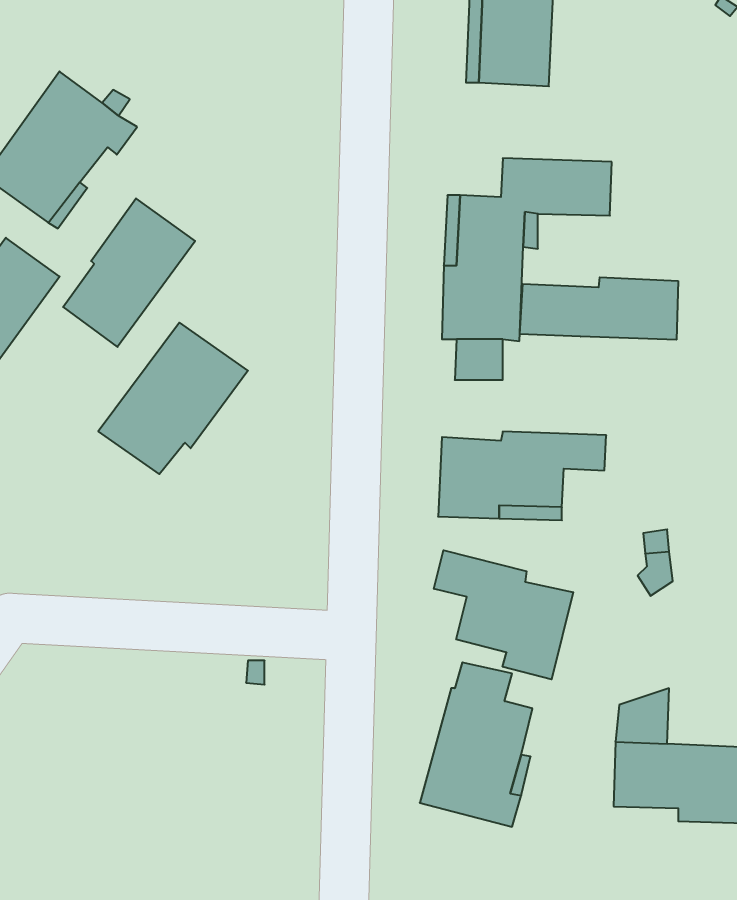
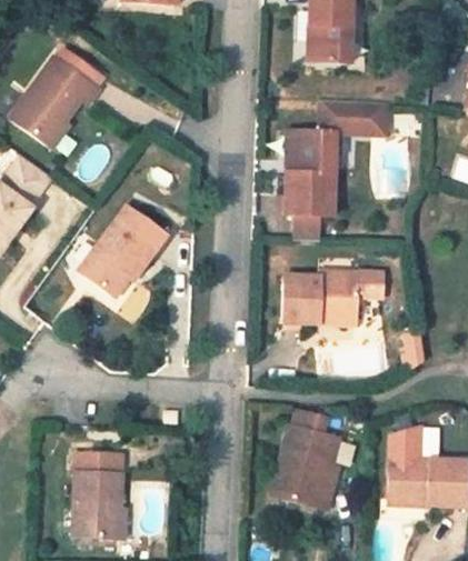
building: [63,198,195,347] -> none
building: [520,277,678,340] -> none
building: [434,550,573,679] -> none
building: none -> [73,450,122,538]

